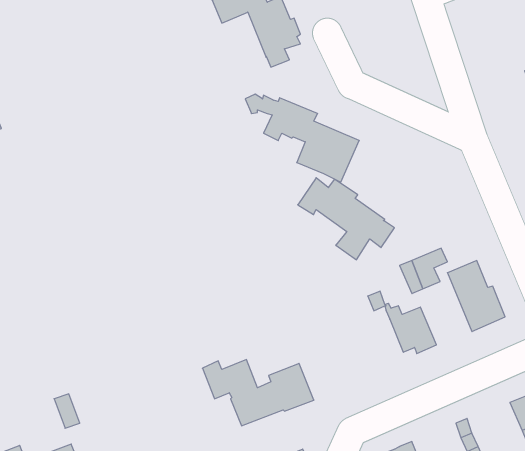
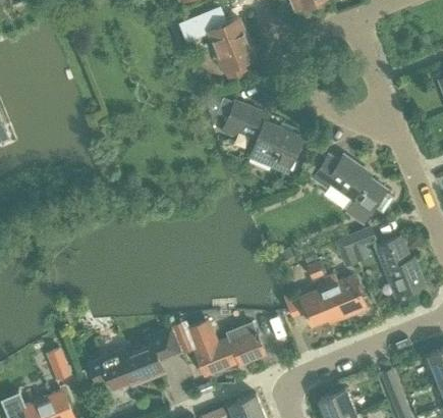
building: [298,178,394,260] -> [313,155,393,223]
building: none -> [284,279,338,325]
building: none -> [88,327,181,387]

